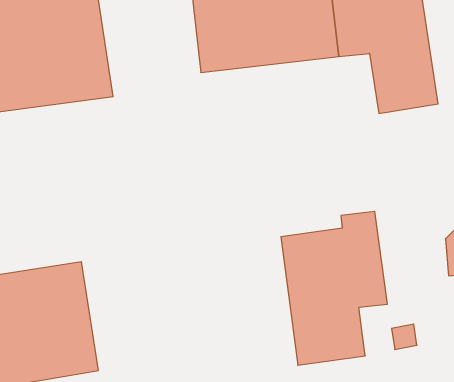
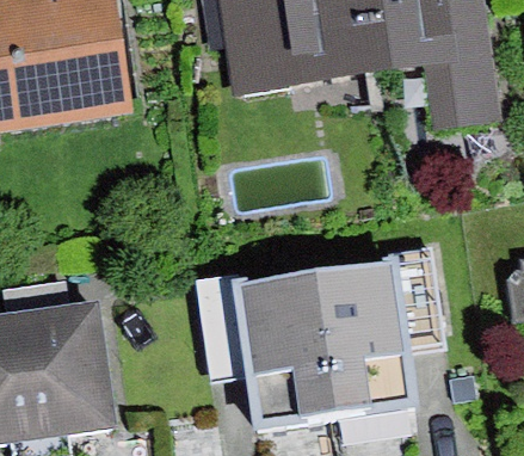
building: none -> [197,271,341,431]

